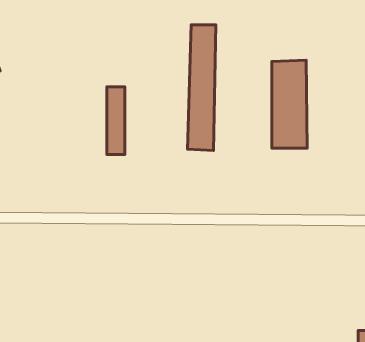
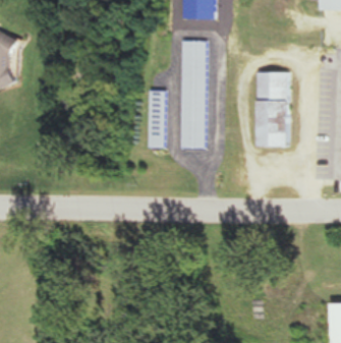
building: [107,87,125,155] -> [155,90,170,148]

